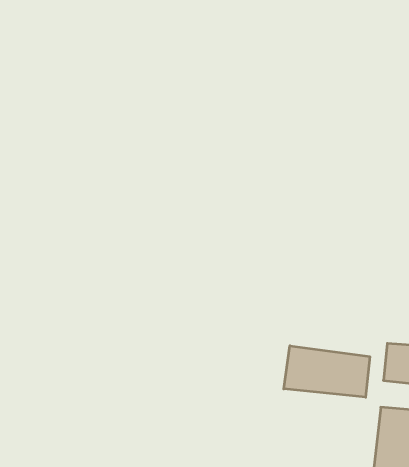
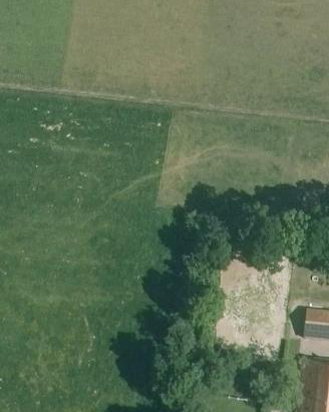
building: [284,346,370,397] -> none

